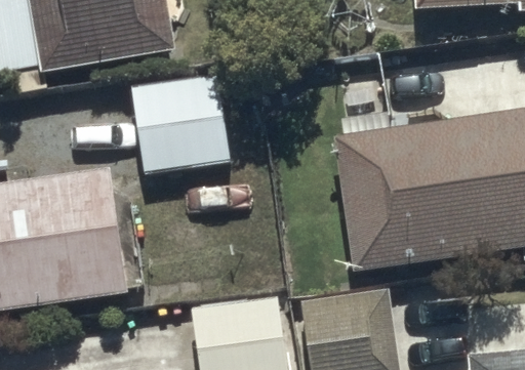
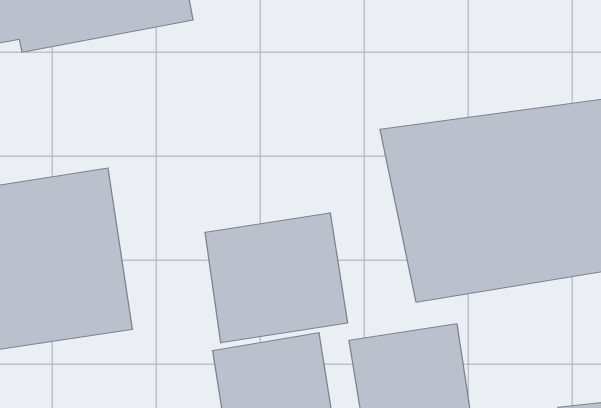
building: [133,74,235,178] -> none
building: none -> [205,213,347,343]

